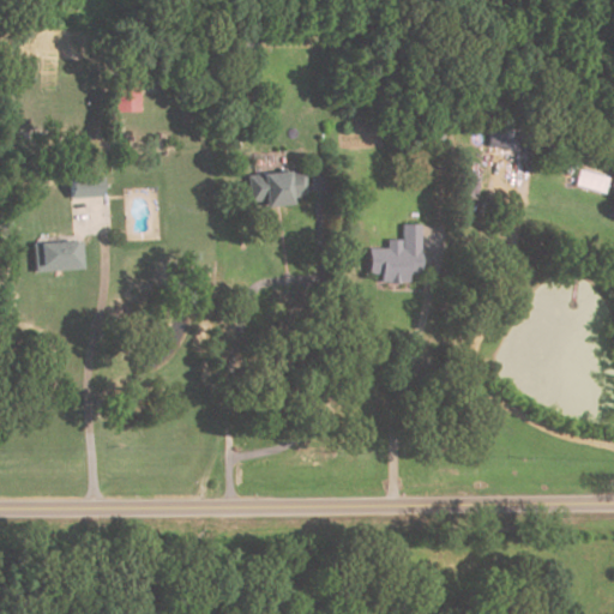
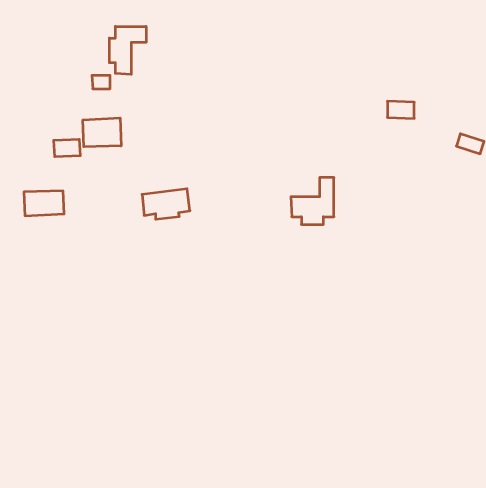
building: none -> [109,26,146,74]
building: none -> [83,118,121,147]
building: [248,168,308,206] -> [142,189,190,219]

